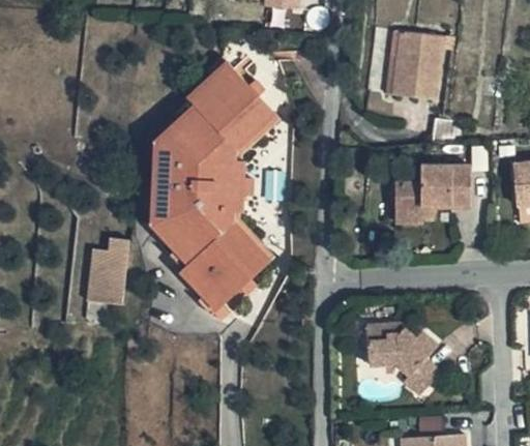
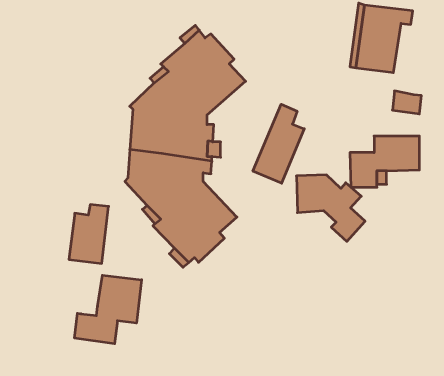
building: none -> [253,104,304,183]
building: none -> [75,275,142,344]
building: [367,322,441,393] -> [296,175,365,241]

